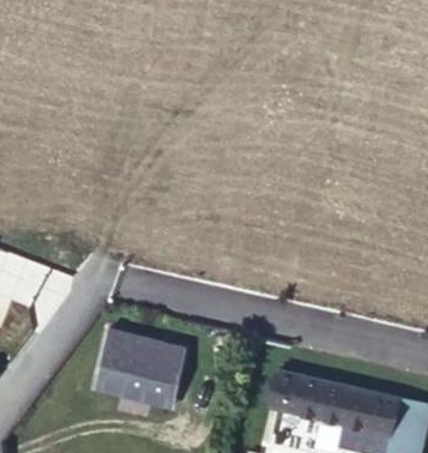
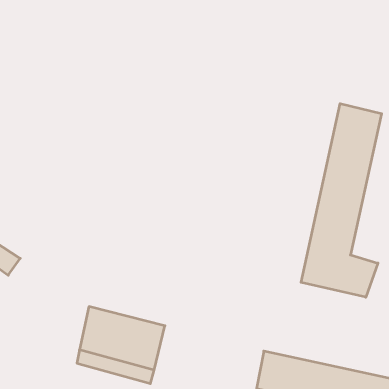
building: none -> [301,104,382,297]

